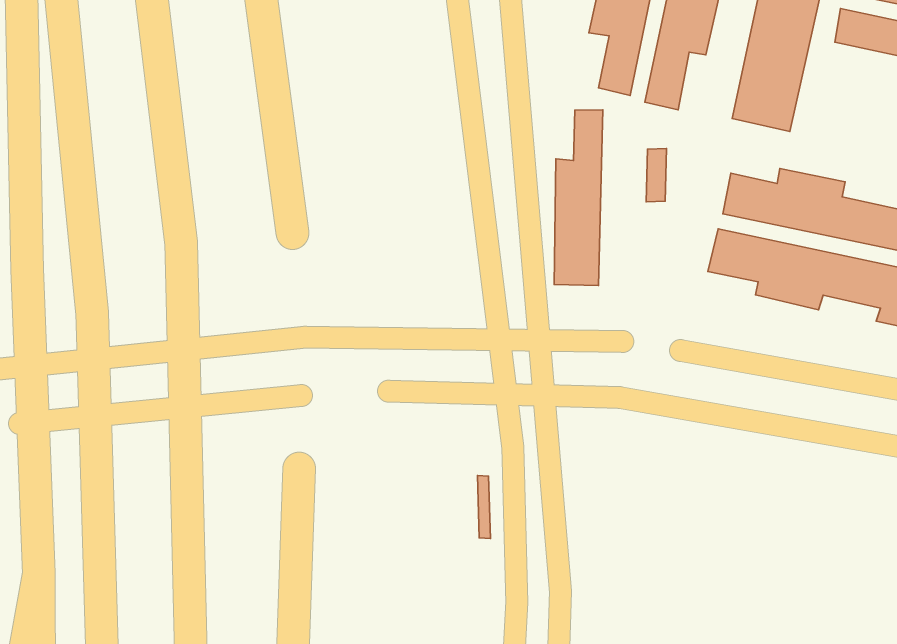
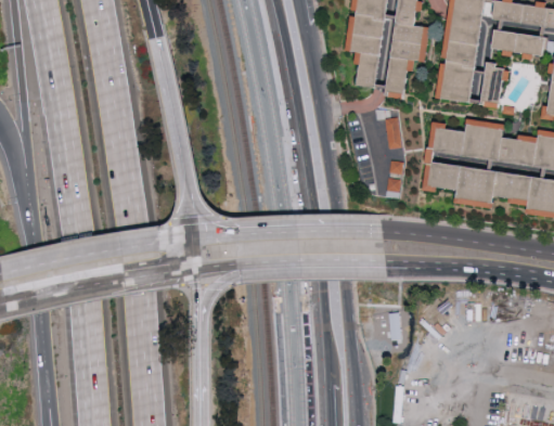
building: none -> [480,62,505,104]
building: [554,110,603,285] -> none

